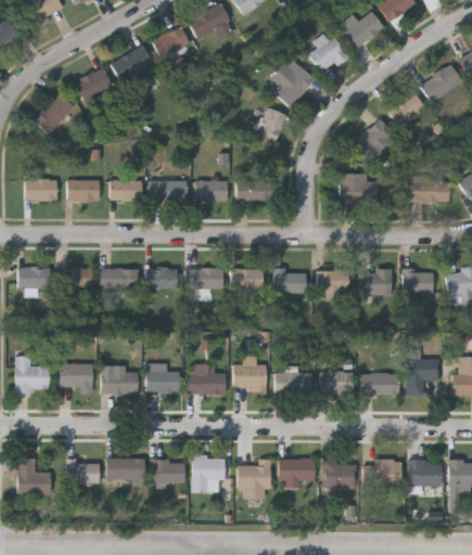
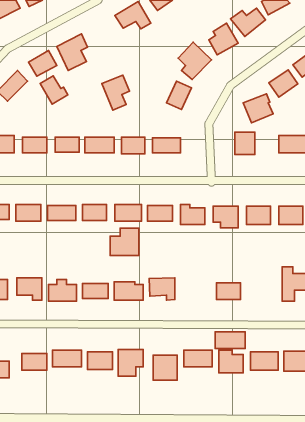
building: [154,27,190,73] -> [102,75,129,110]
building: none -> [40,76,68,104]
building: none -> [110,228,139,255]
building: [275,372,310,393] -> none
building: [360,372,399,393] -> [215,332,245,349]

